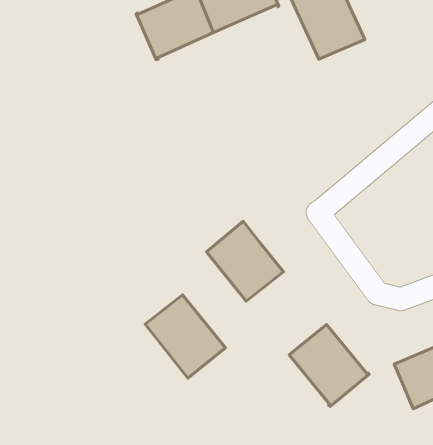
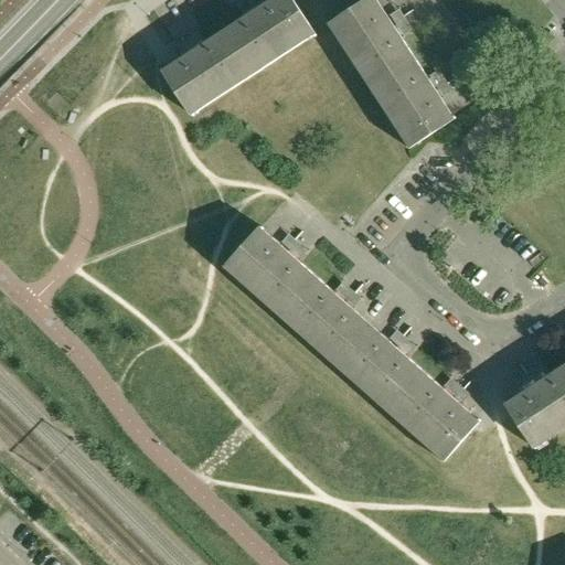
building: none -> [366,55,452,147]
building: none -> [222,225,313,315]
building: [145,295,225,378] -> [331,322,423,412]

